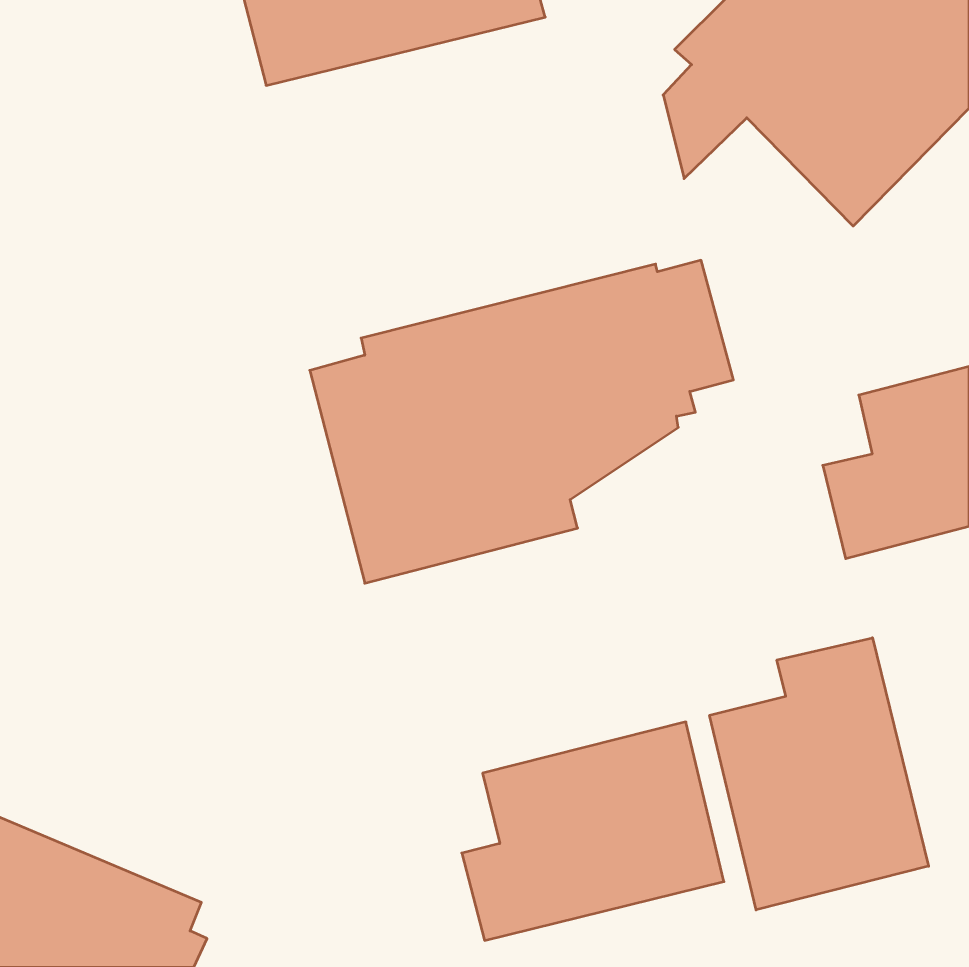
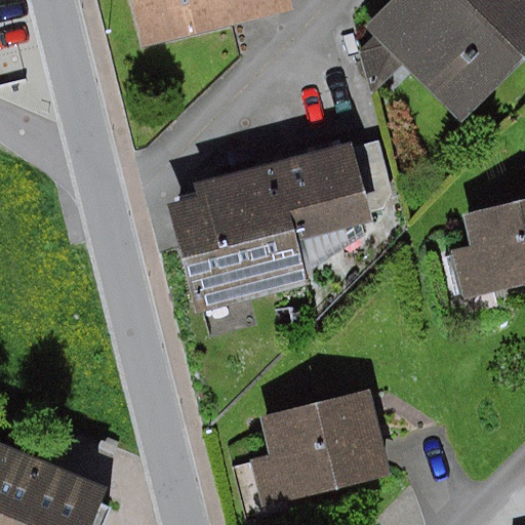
building: [710,638,929,910] -> none

